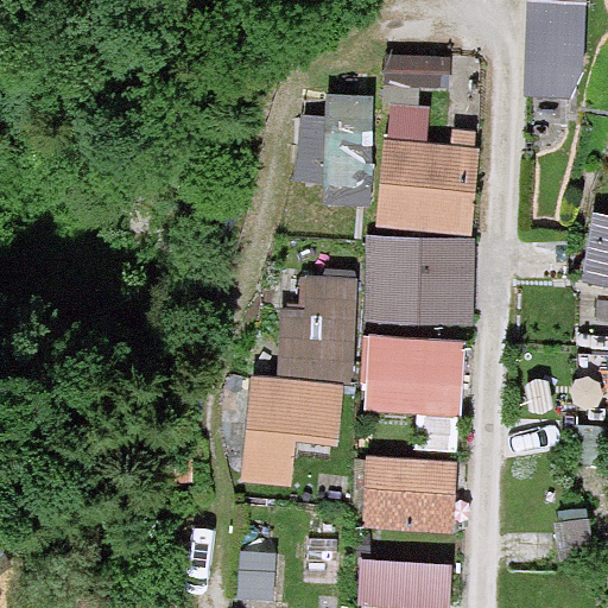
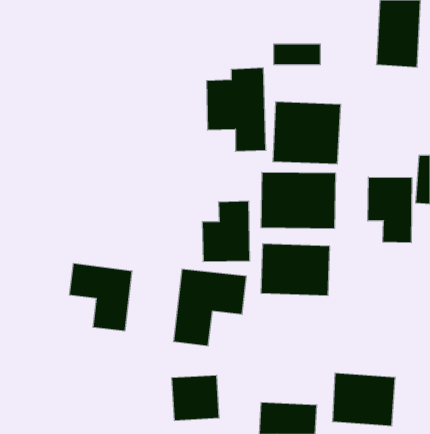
building: none -> [368,177,412,243]
building: none -> [69,263,132,331]
building: [369,456,457,530] -> [332,373,395,426]

